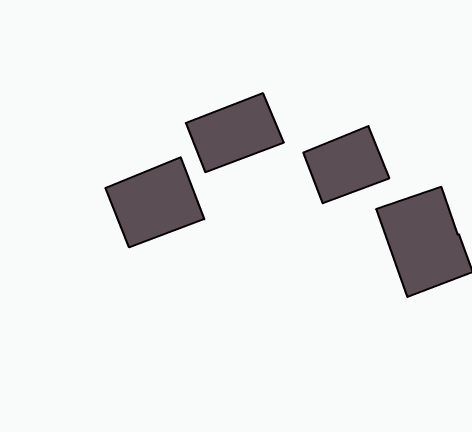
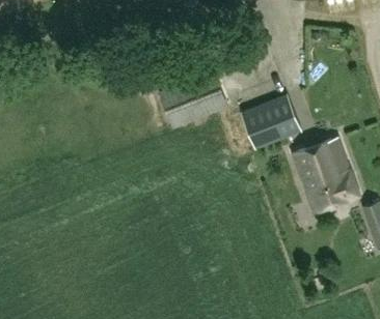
building: [105,157,204,247] -> none

